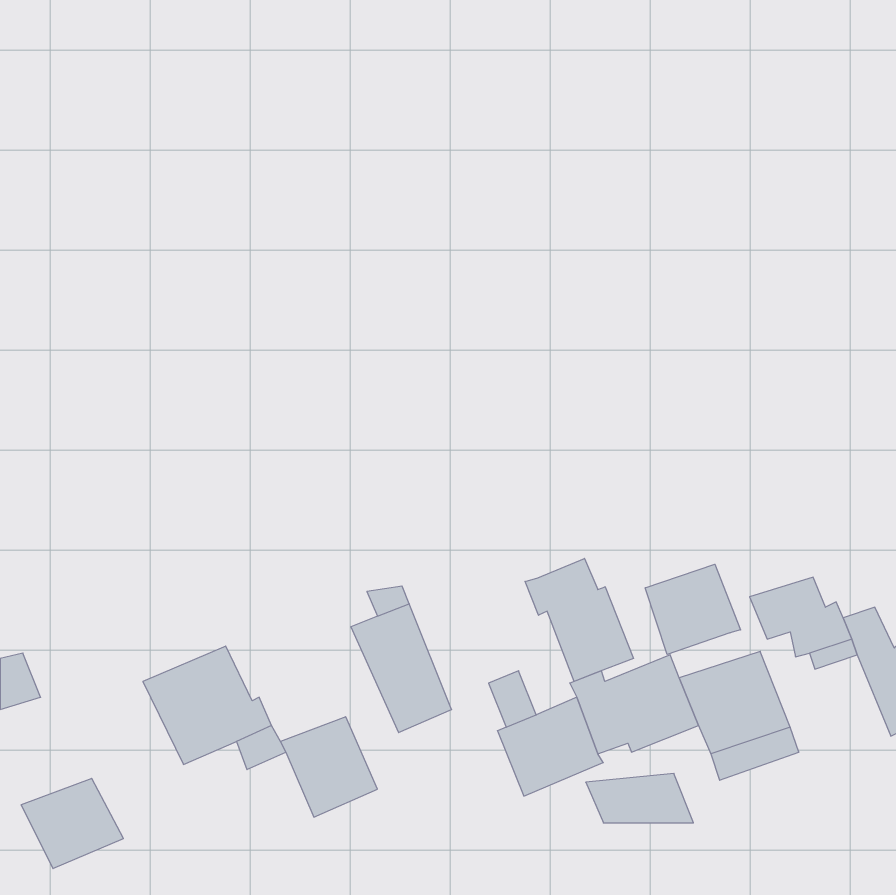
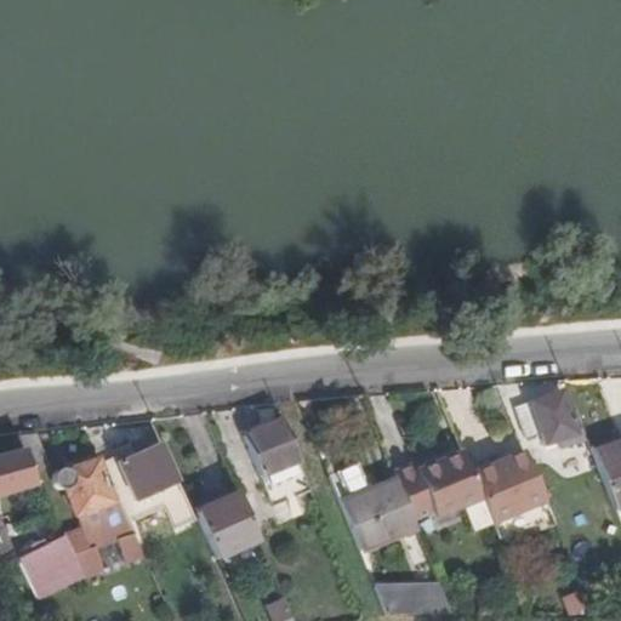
building: [525,558,633,681] -> none
building: [645,564,741,654] -> none
building: none -> [52,458,143,576]
building: [586,773,693,823] -> [378,576,452,610]

